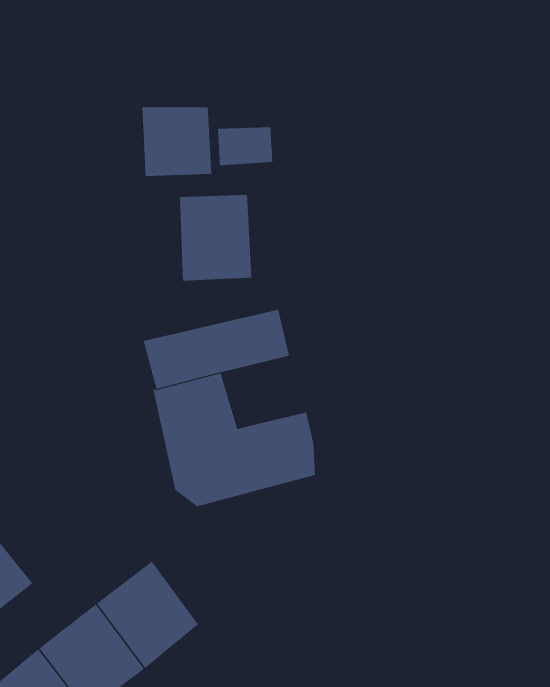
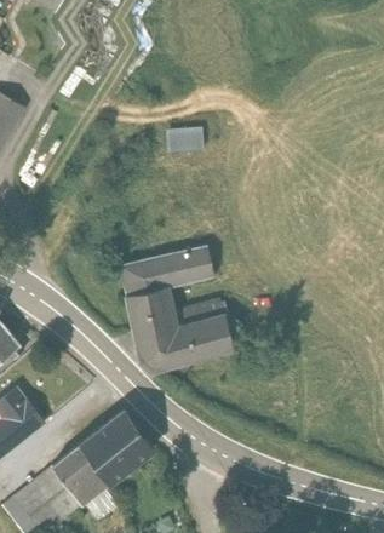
building: [142,106,212,177] -> none
building: [179,194,252,282] -> none

